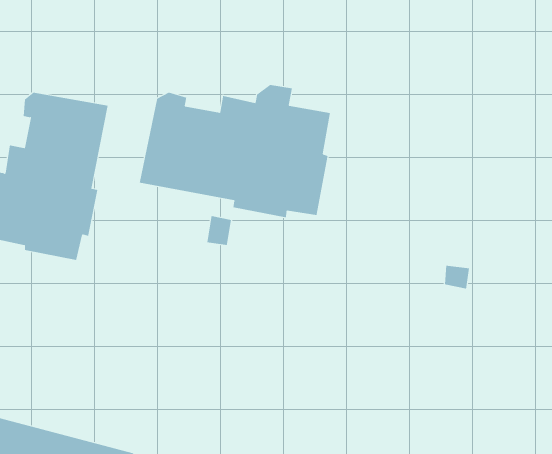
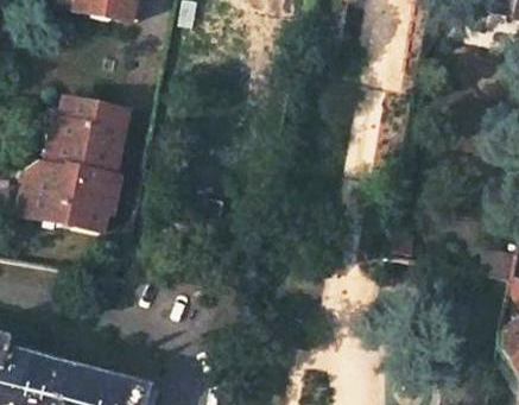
building: [139,84,331,218] -> none

